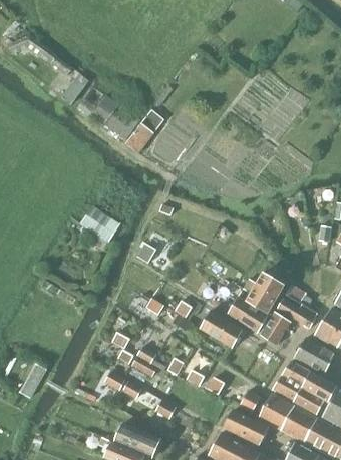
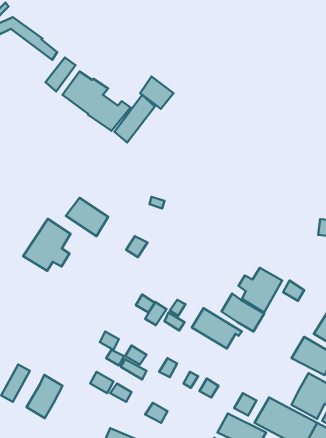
building: none -> [140,76,174,109]
building: none -> [23,219,71,271]
building: [277,298,317,328] -> none
building: [259,311,290,345] -> none
building: [272,361,309,401] -> none
building: none -> [26,375,63,418]

